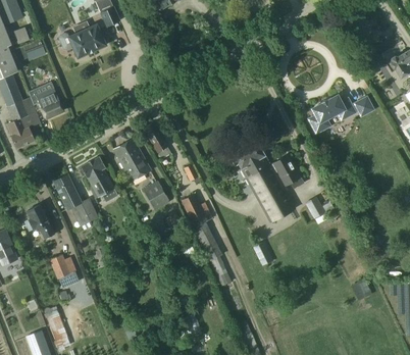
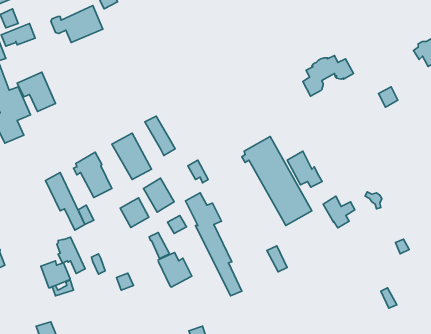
building: [309,96,355,133] -> [303,56,354,96]
building: none -> [120,198,149,227]
building: [28,205,53,238] -> [57,237,85,273]
building: none -> [158,253,192,287]

